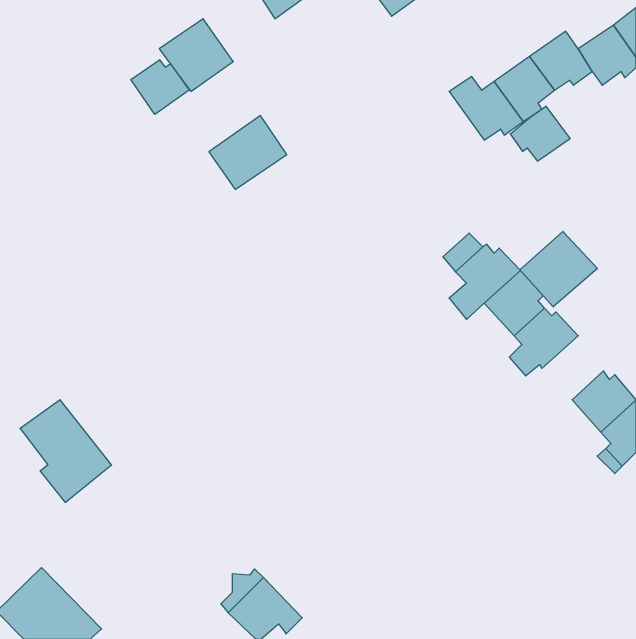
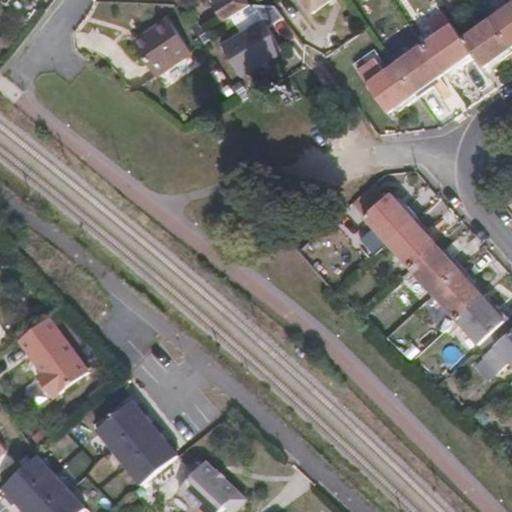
building: [131,60,189,114] -> none
building: [510,106,570,161] -> none
building: [209,116,287,189] -> [219,11,281,70]
building: [520,231,597,307] -> none
building: none -> [432,268,481,319]
building: none -> [95,400,176,486]

